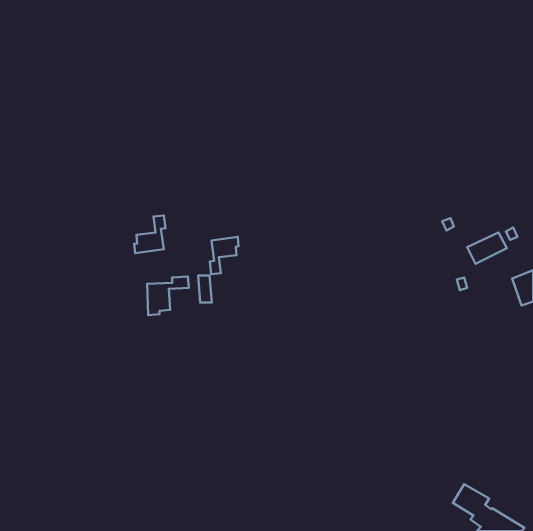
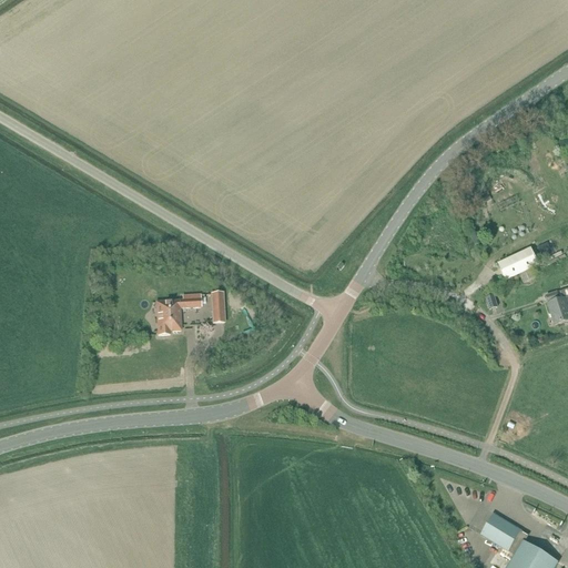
building: [134,215,165,253] -> none
building: [210,237,239,274] -> none

